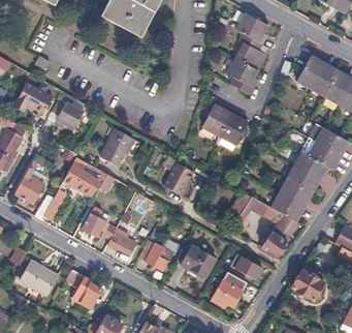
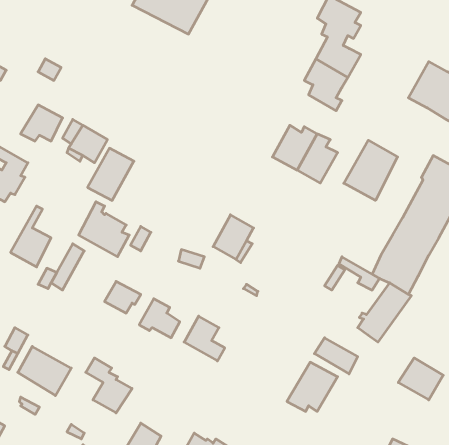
building: none -> [344,140,398,200]
building: [99,128,132,165] -> [88,148,134,200]
building: [181,245,215,276] -> none

